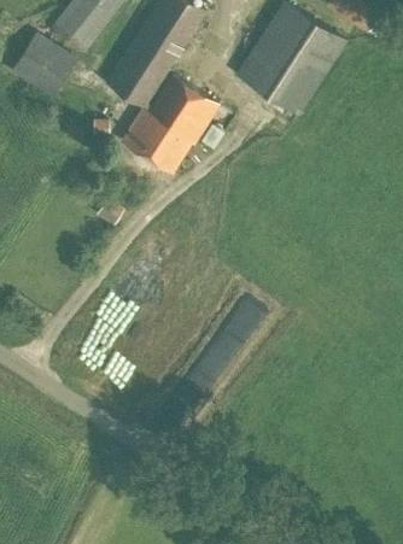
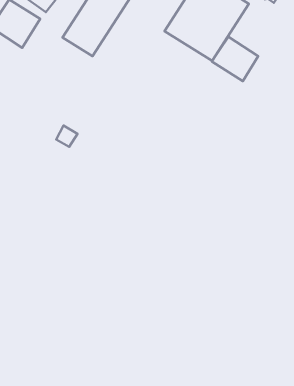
building: [121,76,217,174] -> none
building: none -> [212,37,258,81]

